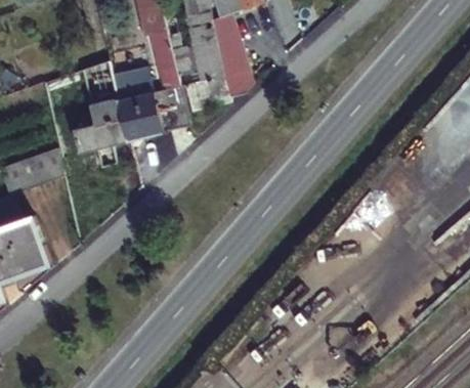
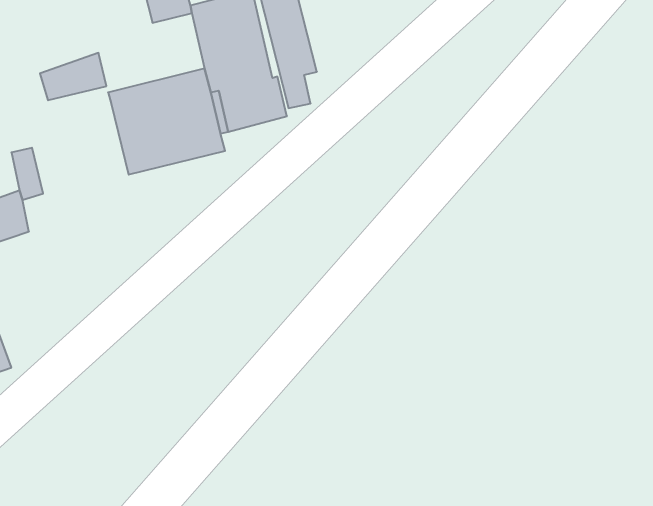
building: [73,91,127,148] -> none

